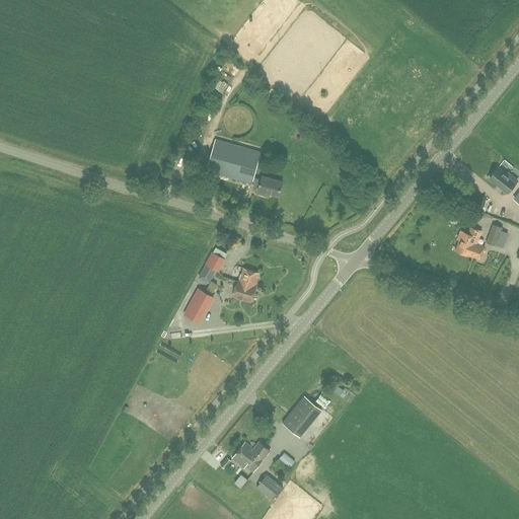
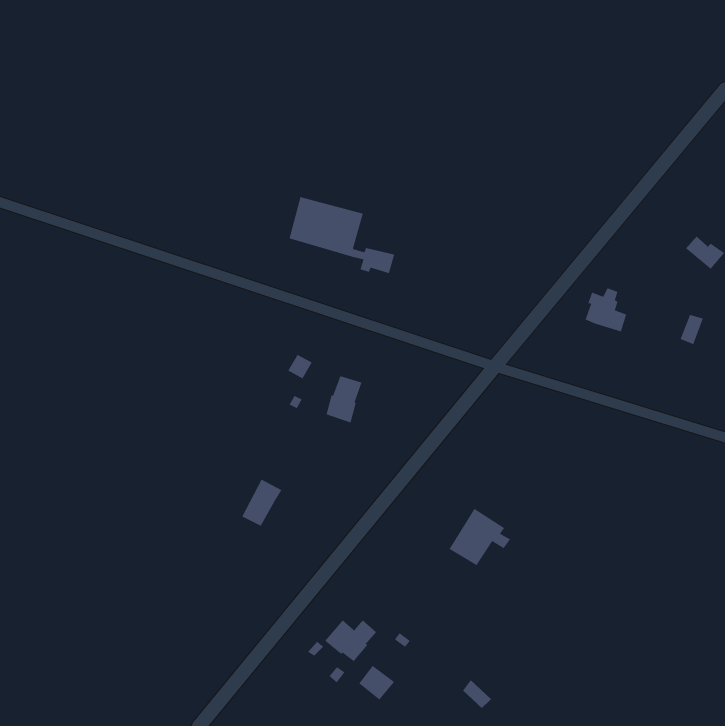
building: [454,227,485,260] -> [584,287,627,333]
building: [183,288,213,322] -> [241,479,282,527]
building: [284,393,328,435] -> [448,508,511,566]

